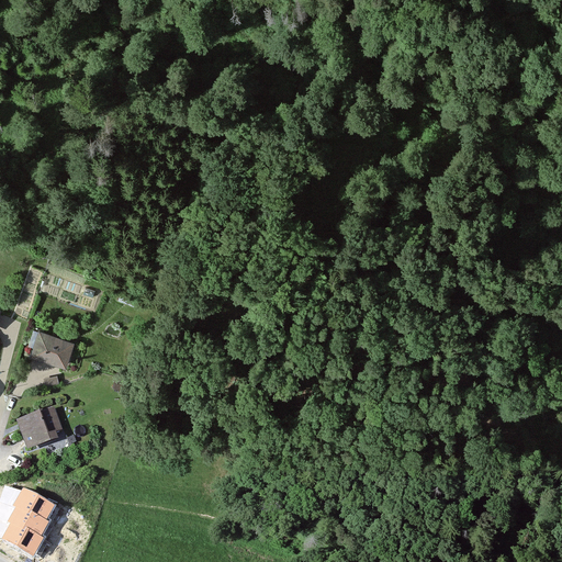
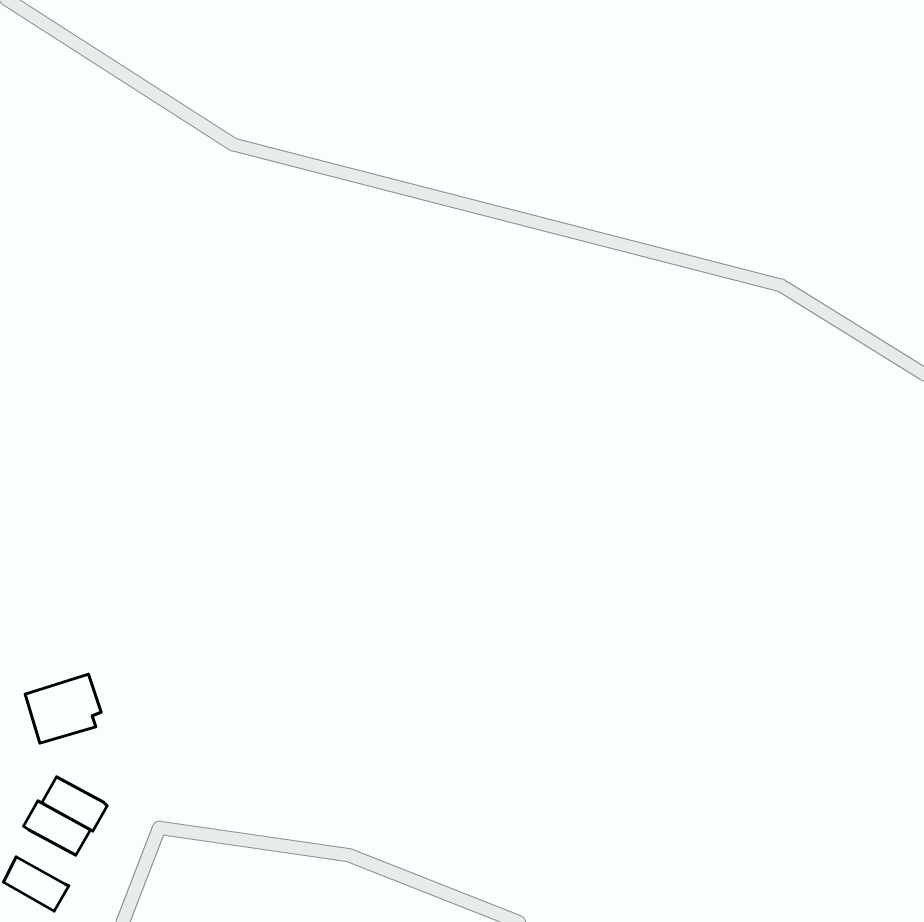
building: [30,329,74,367] -> none
building: [9,504,48,537] -> [42,777,107,831]

